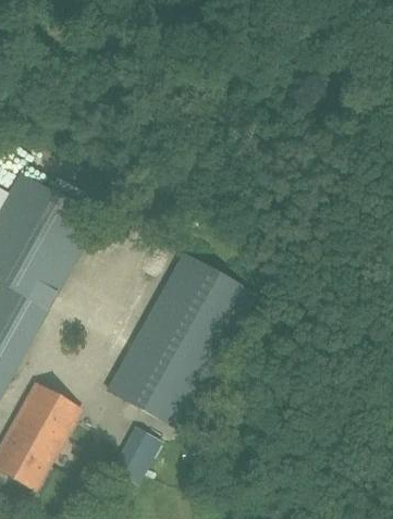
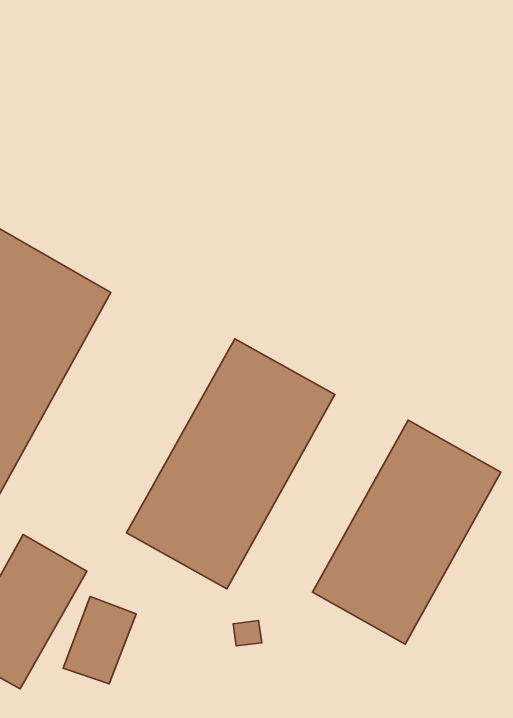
building: none -> [312,420,501,644]
building: [110,425,160,485] -> [63,596,136,684]

